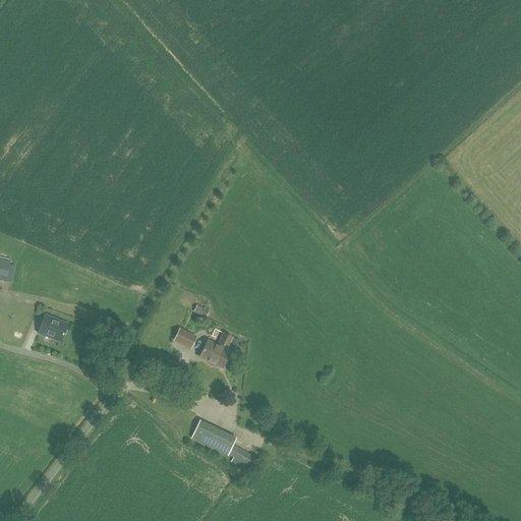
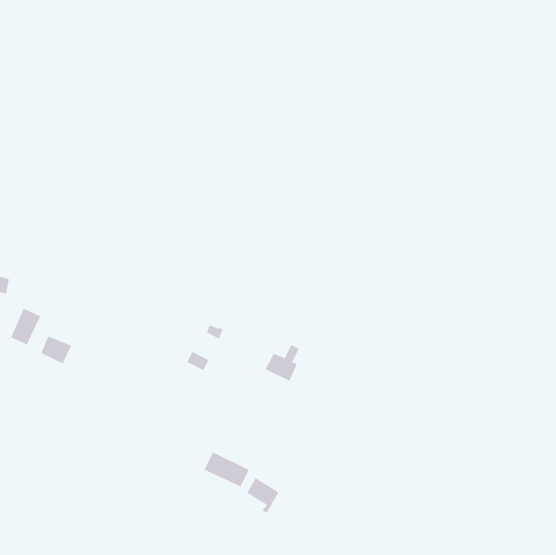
building: none -> [11,308,41,345]
building: [198,332,231,366] -> [265,344,300,382]

